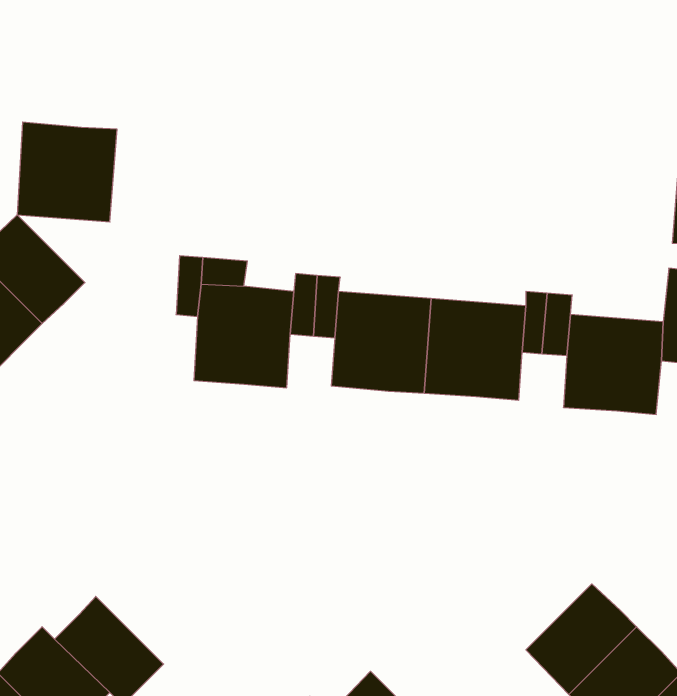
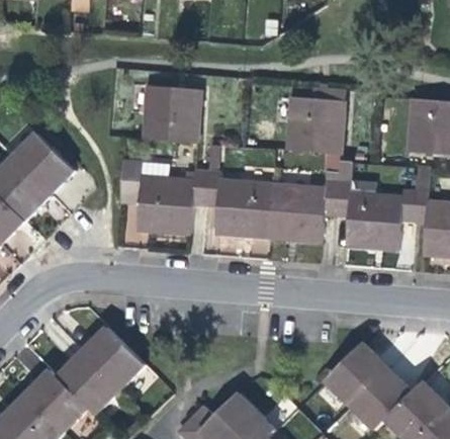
building: [17,122,117,222] -> [144,84,200,141]
building: none -> [283,95,342,152]
building: none -> [81,327,145,389]

